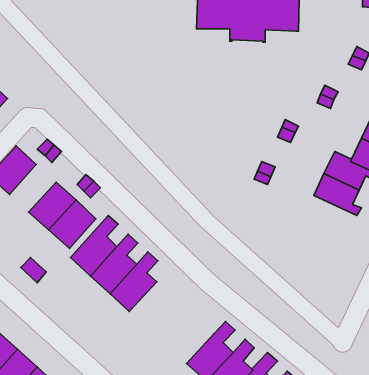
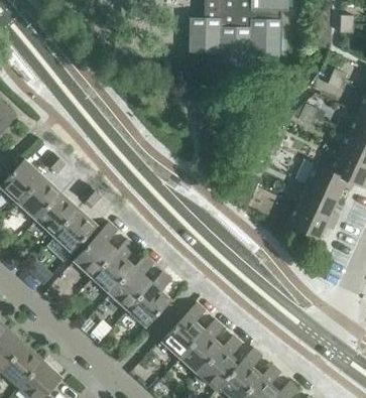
building: none -> [18,176,60,220]
building: none -> [286,205,335,240]
building: none -> [127,272,171,327]
building: none -> [161,302,205,358]

